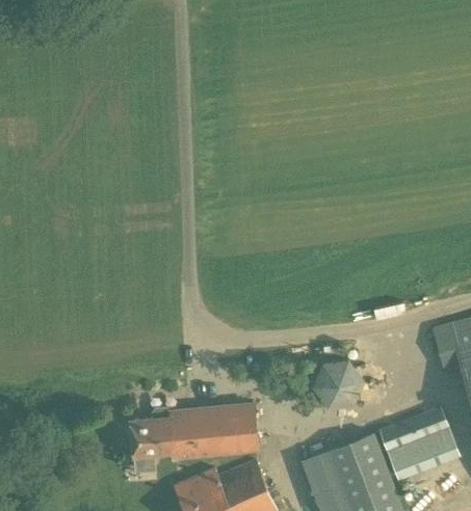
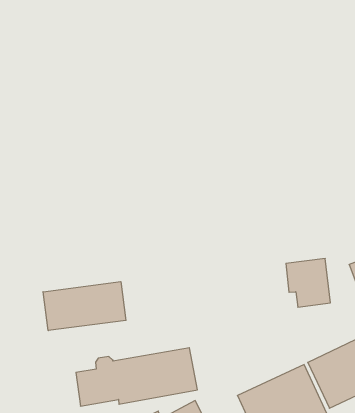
building: none -> [43,282,126,331]
building: [313,359,358,409] -> [286,259,330,307]

